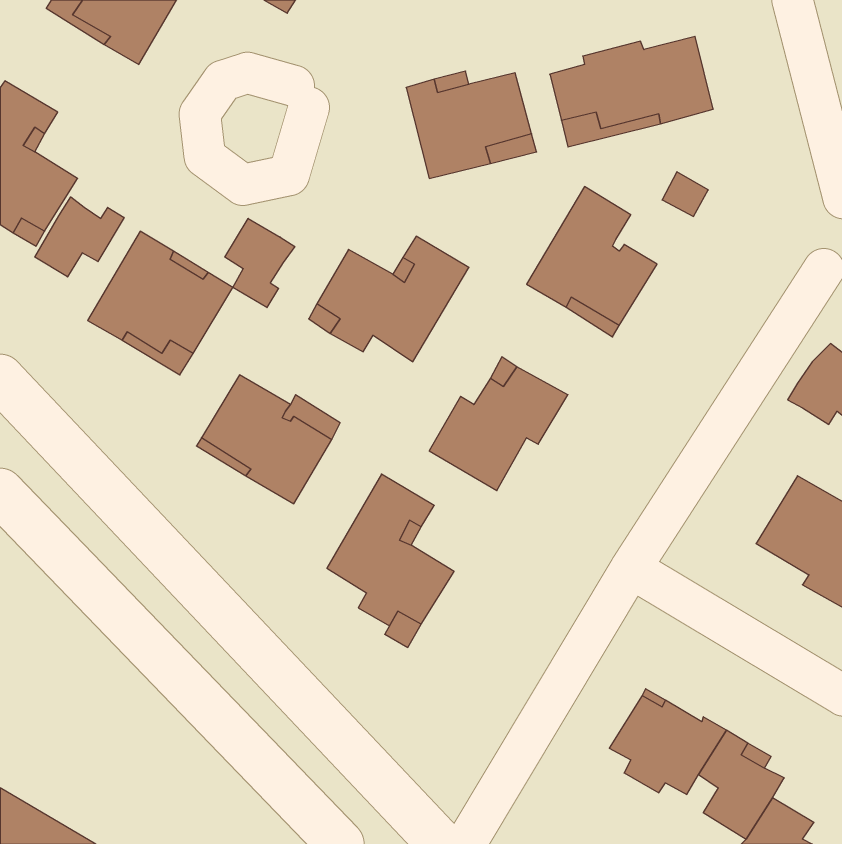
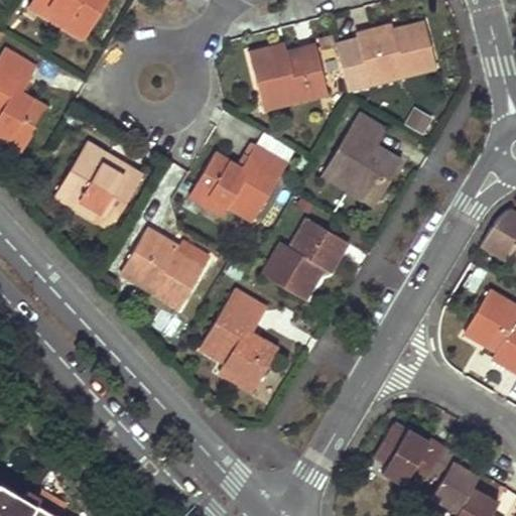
building: [35,197,124,277] -> none
building: [225,218,295,308] -> none

